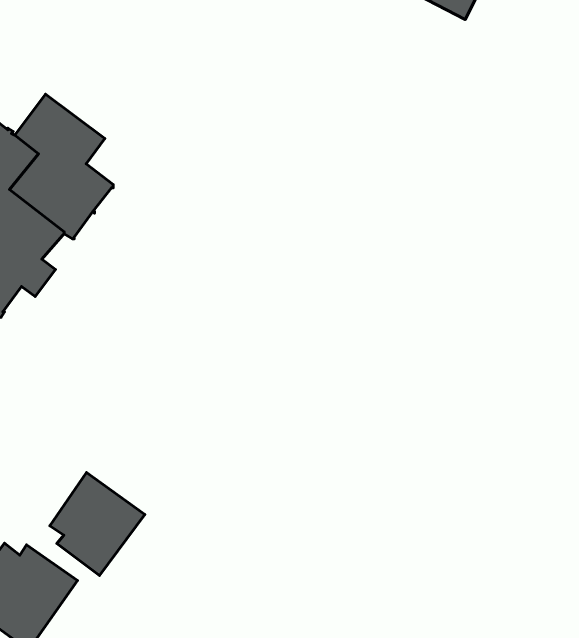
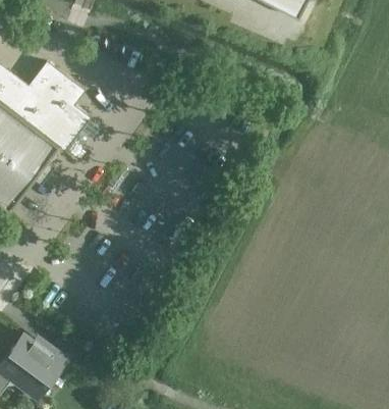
building: [50,472,145,576] -> none

